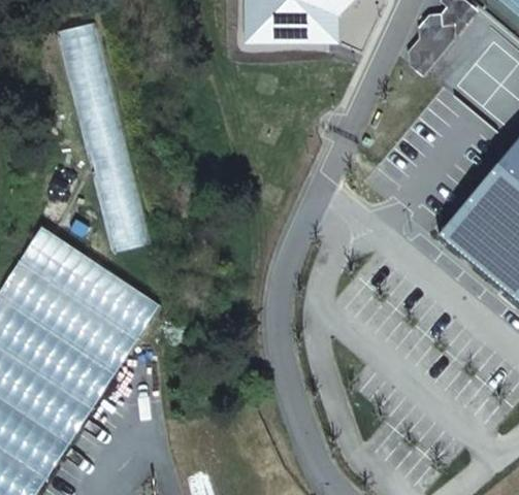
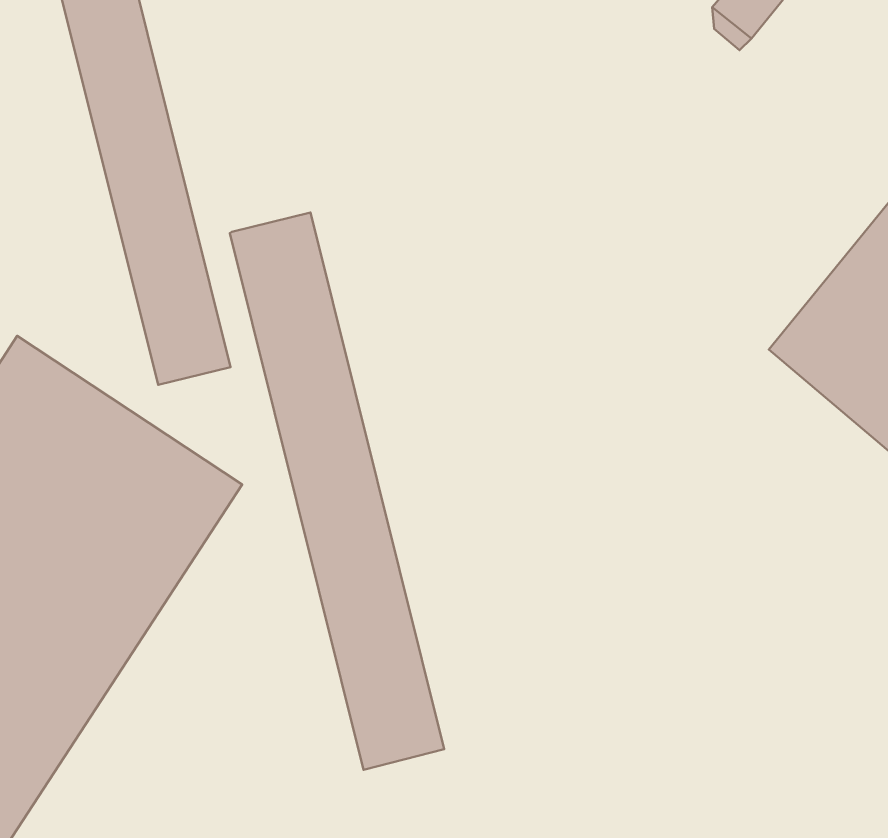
building: none -> [230,212,444,770]

